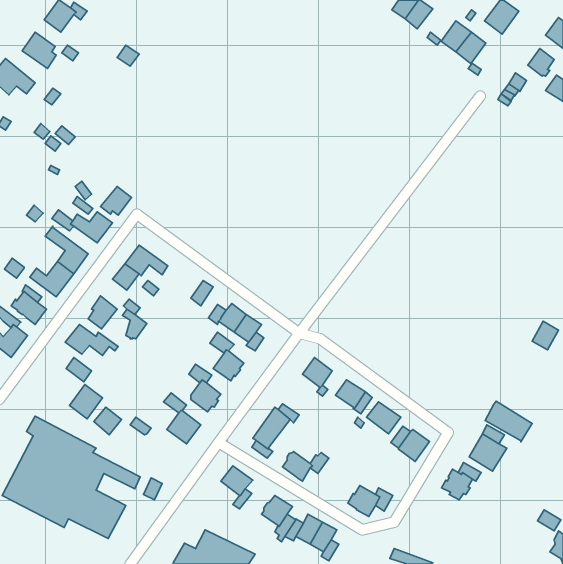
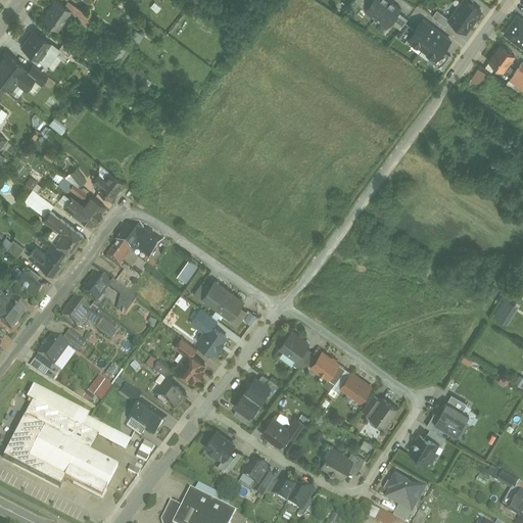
building: [69,385,103,419] -> [37,336,67,368]
building: [485,401,532,442] -> none
building: none -> [129,403,163,436]
building: none -> [383,470,427,515]

